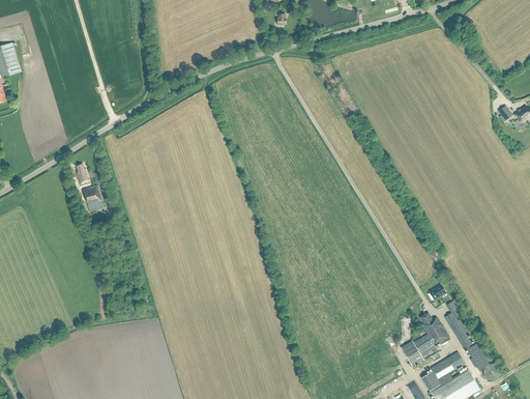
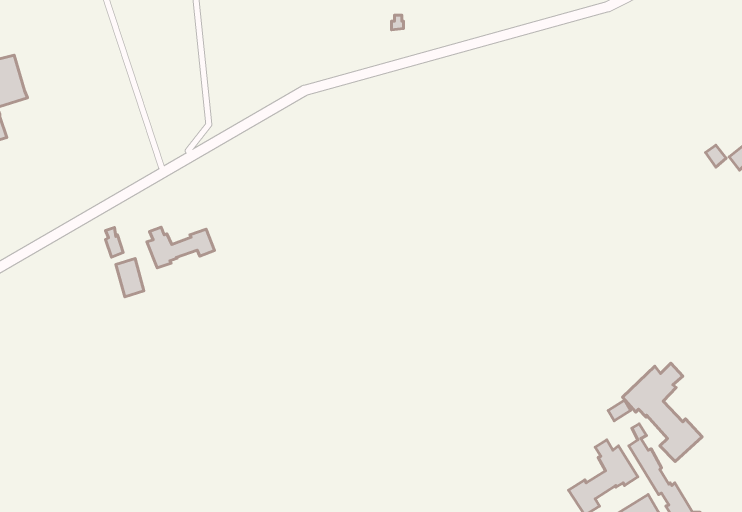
building: none -> [147,227,214,268]
building: none -> [622,363,702,462]

